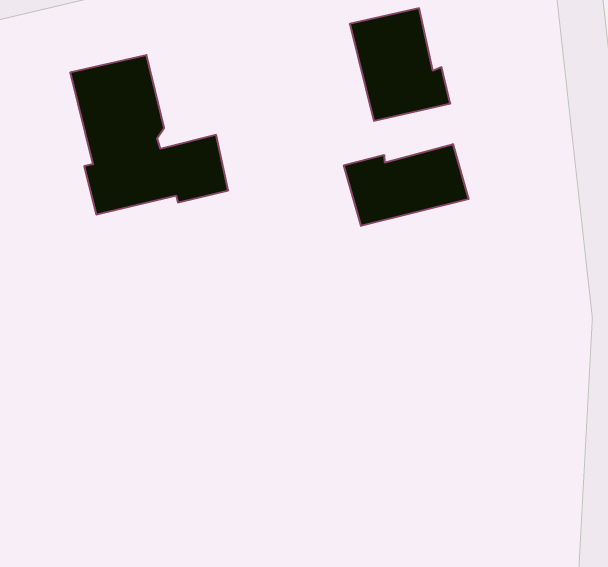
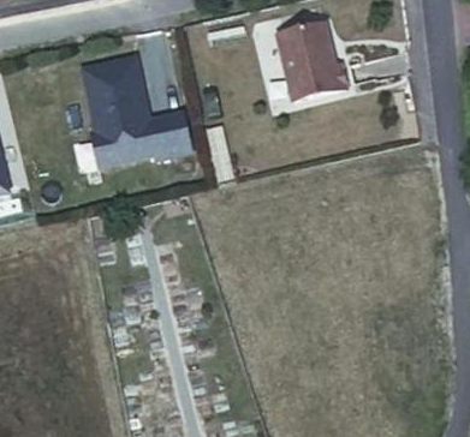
building: [344,144,469,226] -> none

